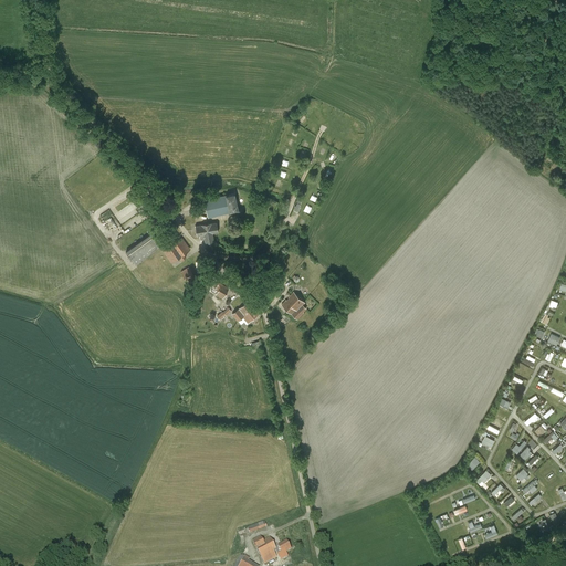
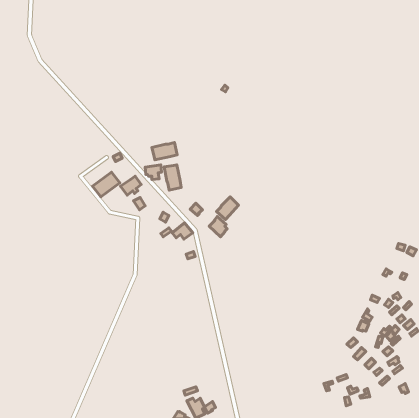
building: none -> [164,165,181,190]
building: none -> [217,197,239,219]

